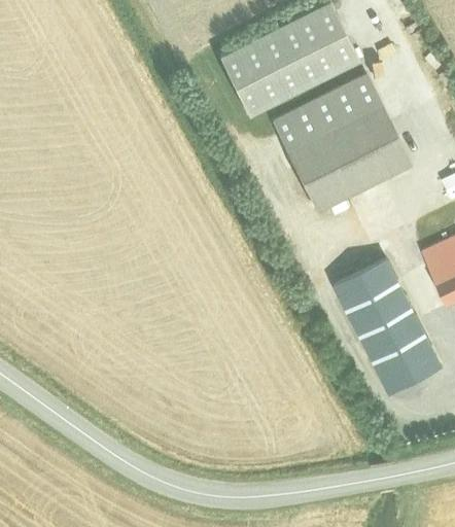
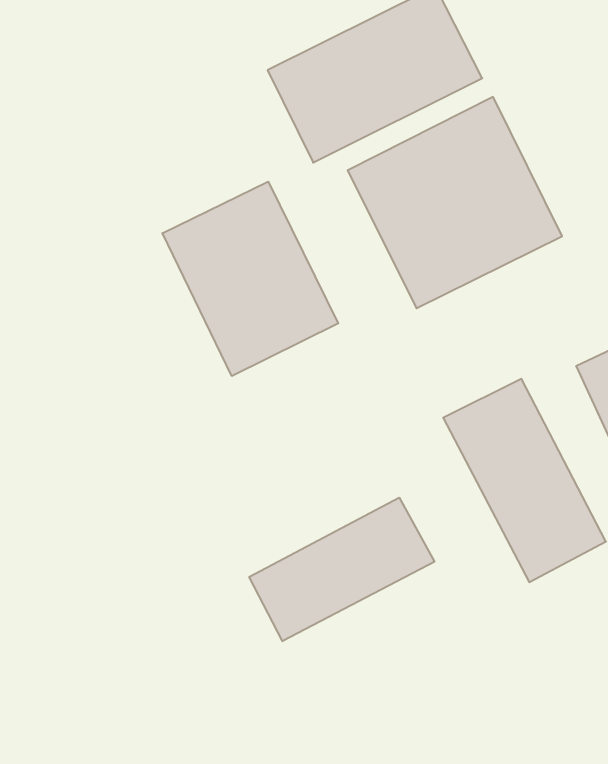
building: none -> [162,182,338,376]
building: none -> [249,498,434,641]

